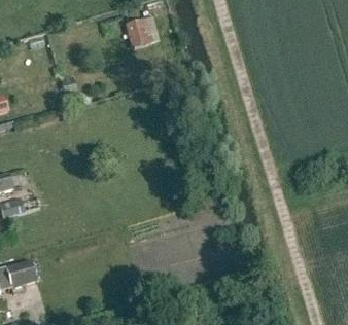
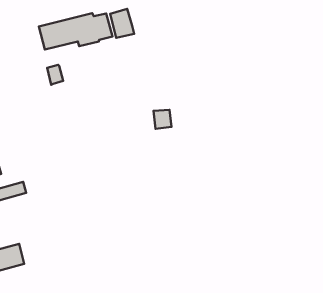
building: none -> [39,13,112,50]

